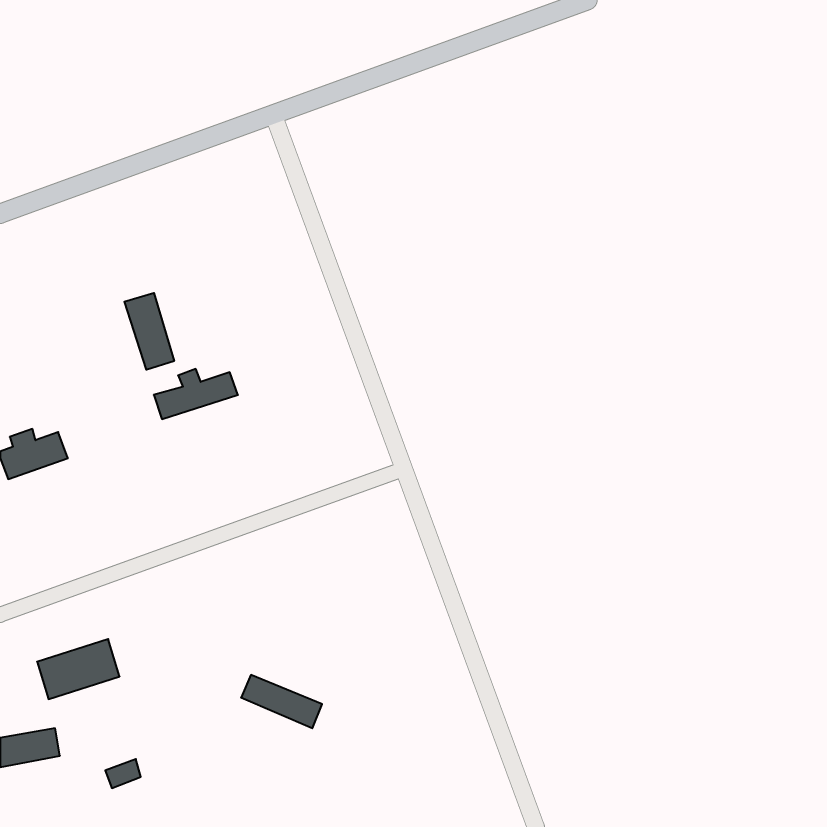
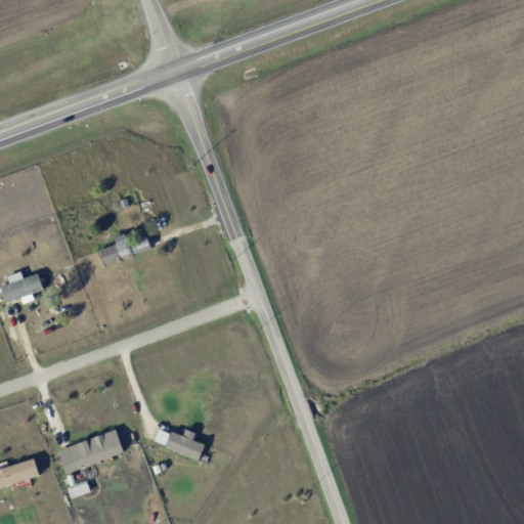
building: [124,293,174,370] -> none
building: [37,639,120,699] -> [71,430,123,468]

